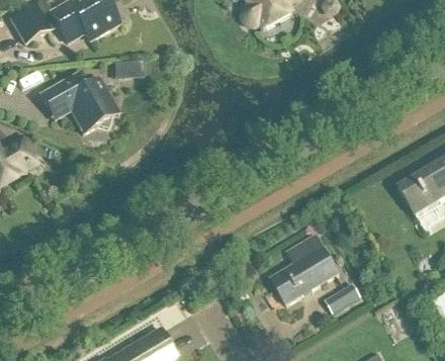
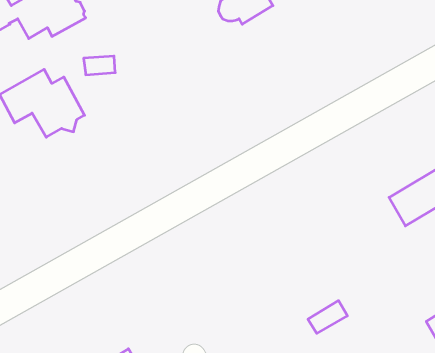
building: [270,236,337,304] -> none

